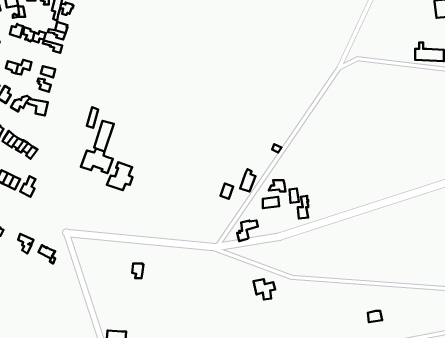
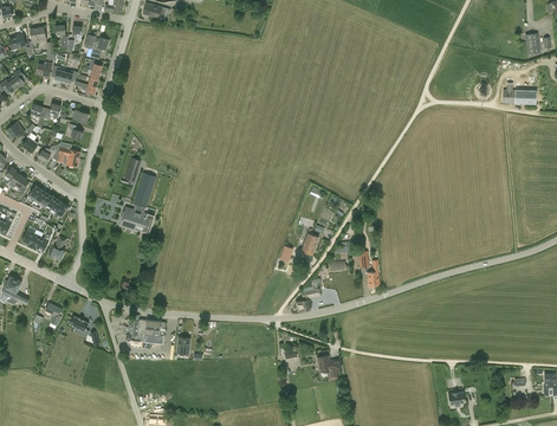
building: [107,162,133,190] -> none
building: none -> [131,320,164,342]

